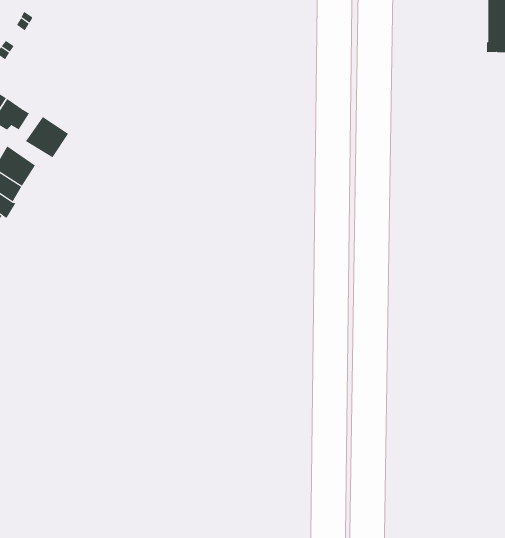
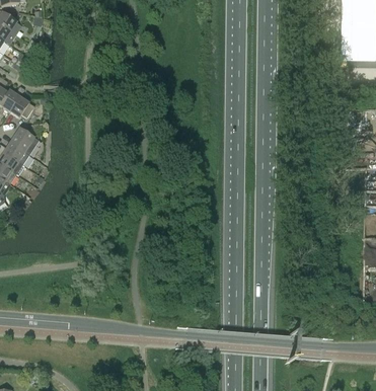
building: [25,116,69,158] -> none

